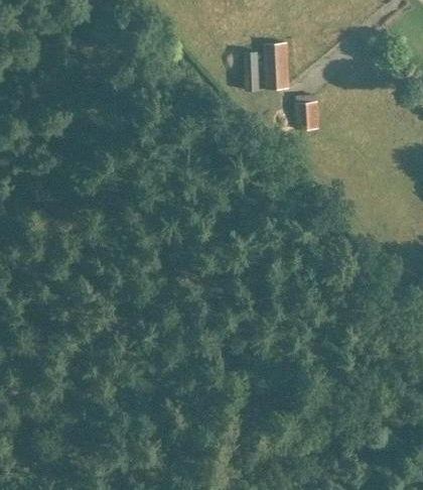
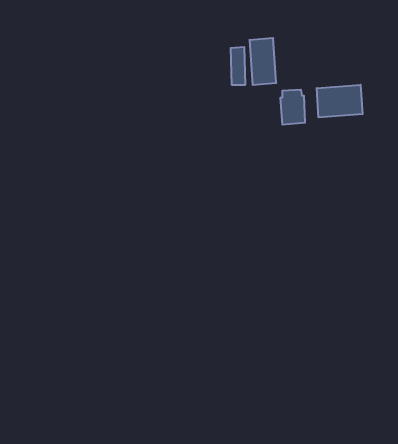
building: none -> [317,85,362,117]

